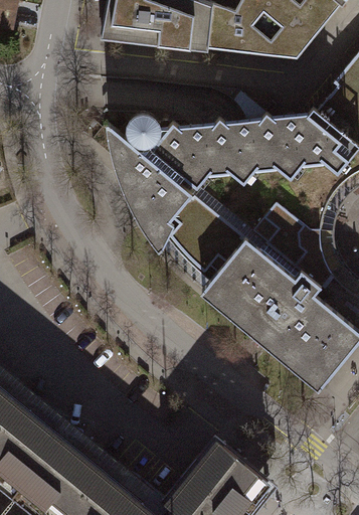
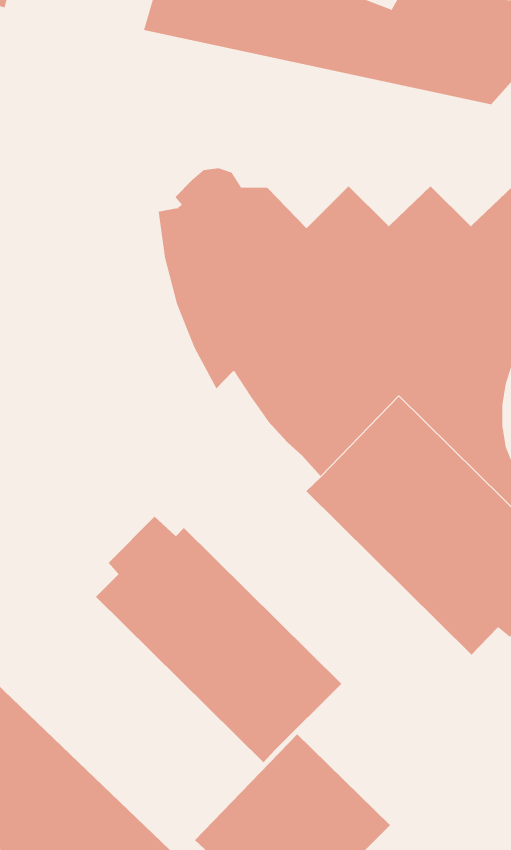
building: none -> [95,516,342,763]

